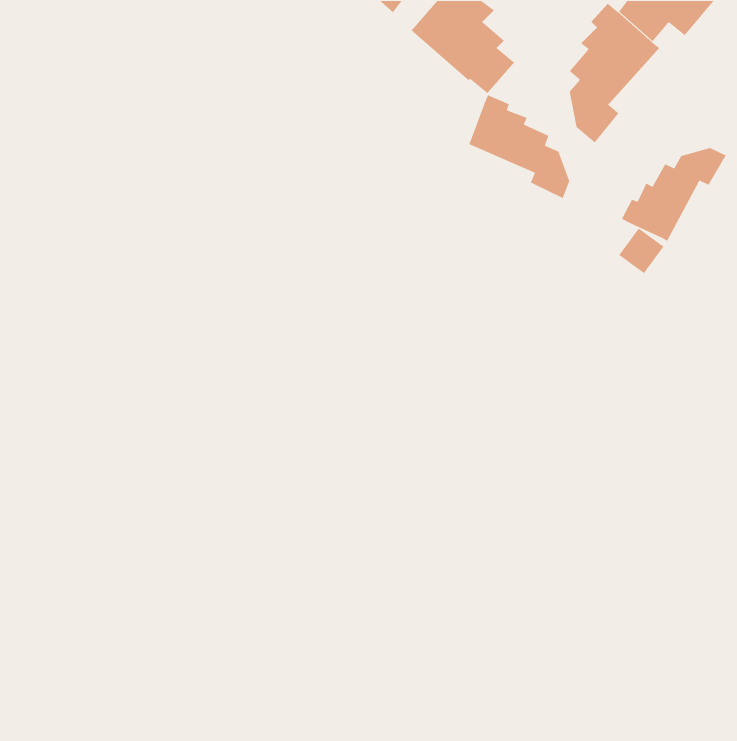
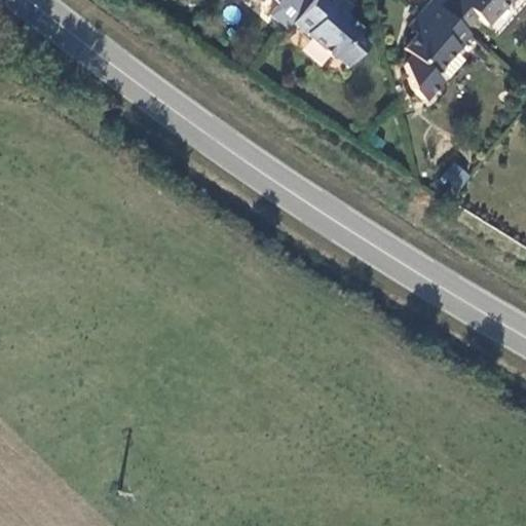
building: [468,94,570,199] -> none
building: [621,147,727,242] -> none

